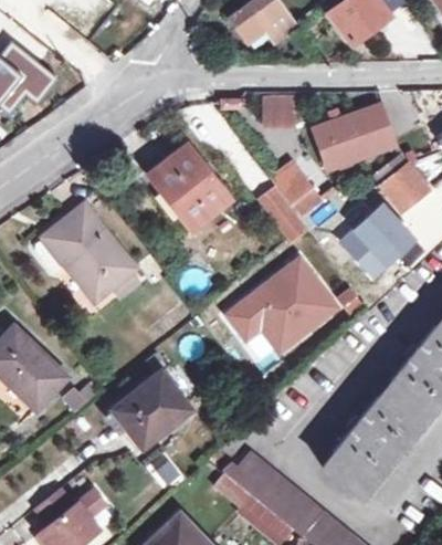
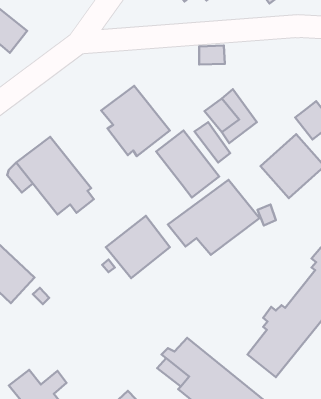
building: [313,104,394,168] -> none
building: none -> [156,130,219,197]
building: [113,373,190,448] -> [106,216,170,278]

